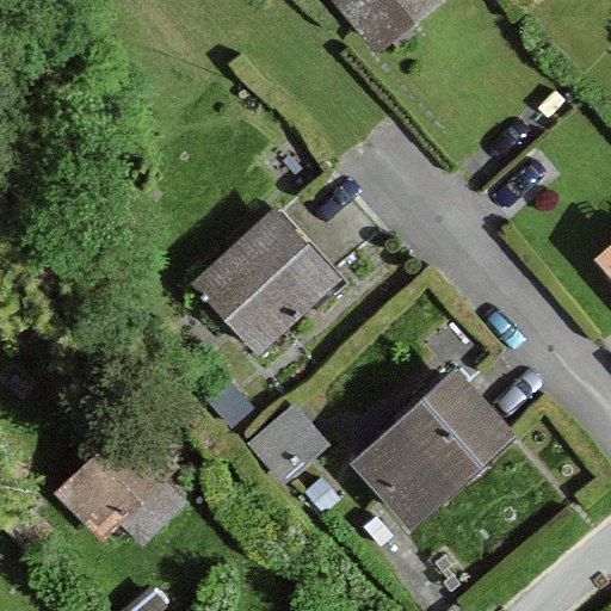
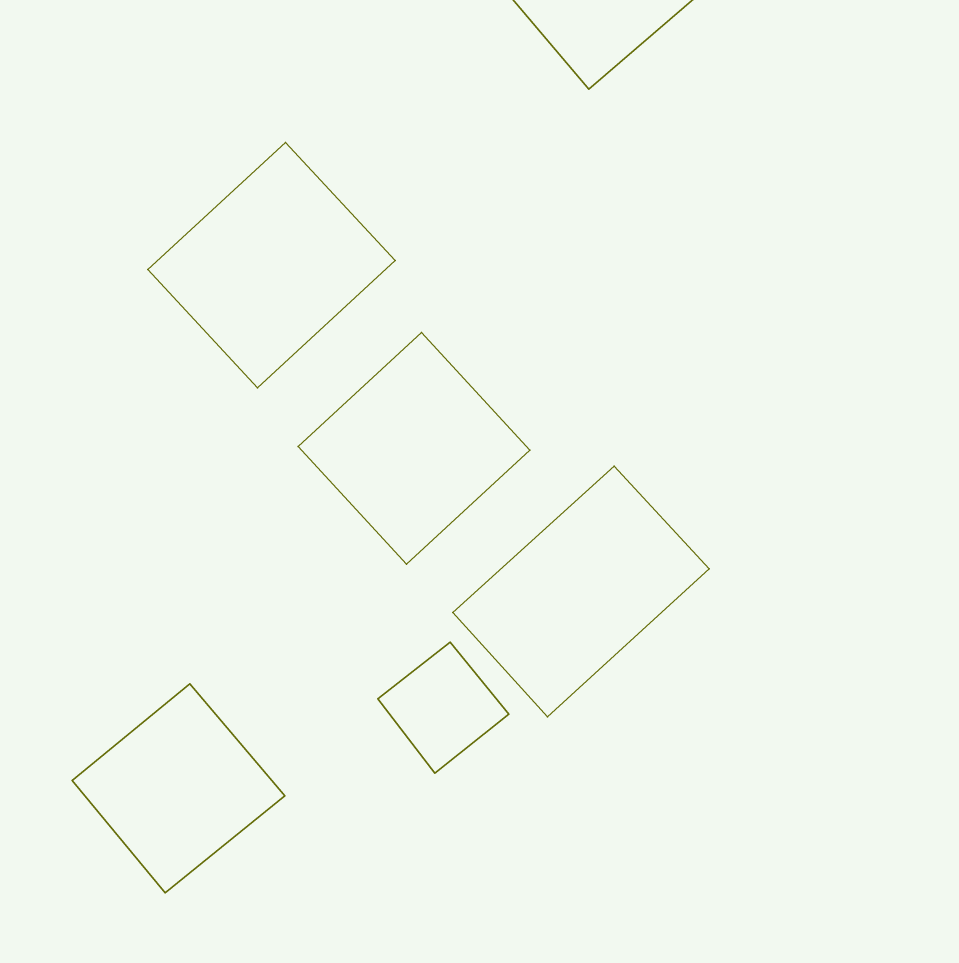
building: none -> [148,142,395,388]
building: [352,369,513,526] -> [453,466,709,717]

